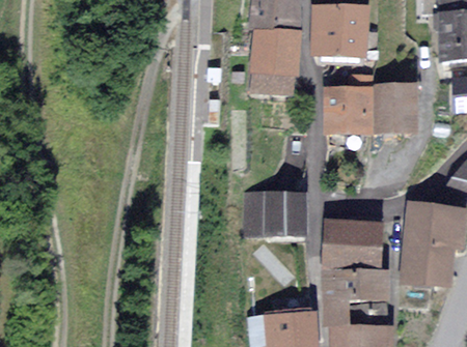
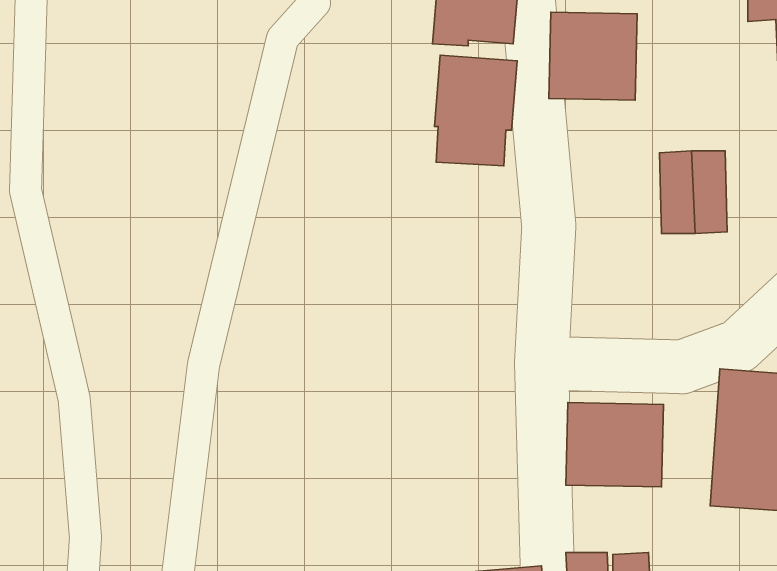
building: [327,78,372,131] -> none
building: [249,194,304,234] -> none
building: [325,268,385,299] -> none

